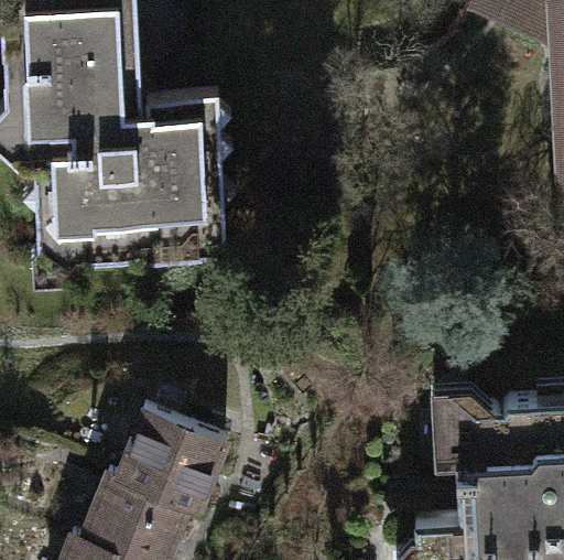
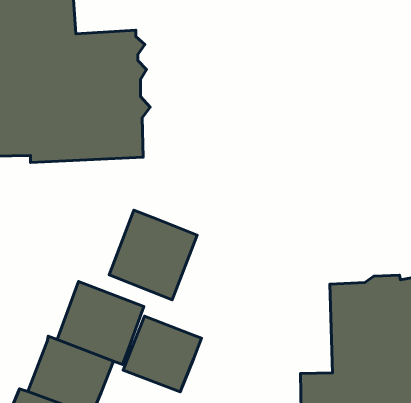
building: none -> [109,210,197,300]
building: none -> [123,316,202,392]

